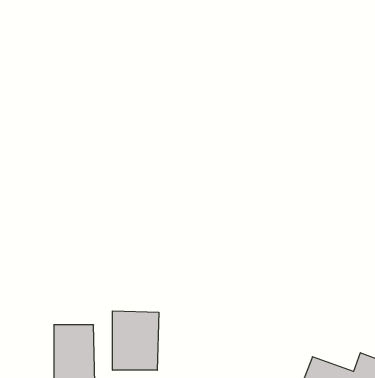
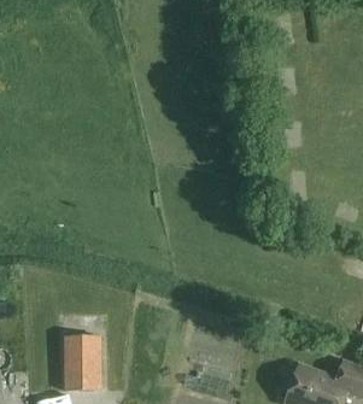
building: [113,311,159,370] -> none

